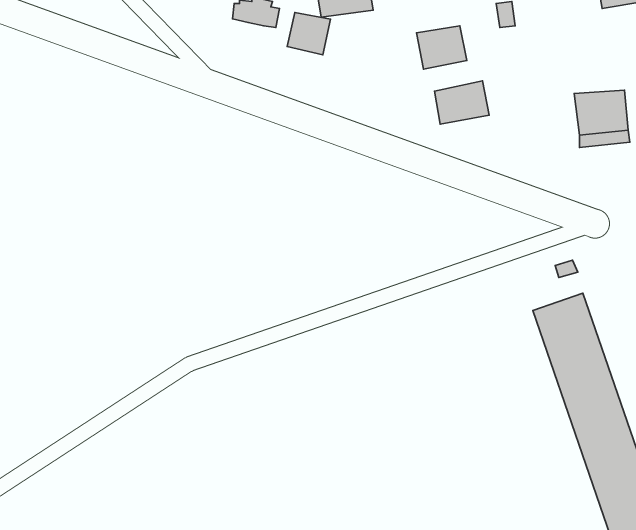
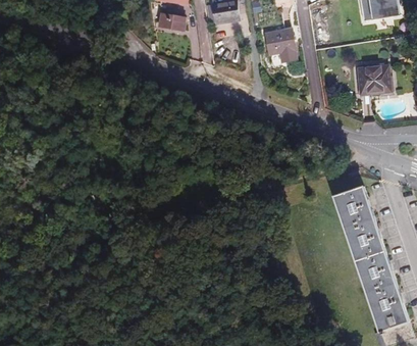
building: [287,12,331,55] -> none
building: [434,81,489,124] -> none

